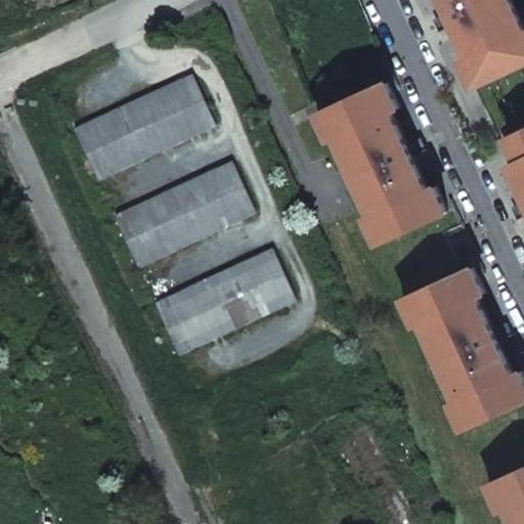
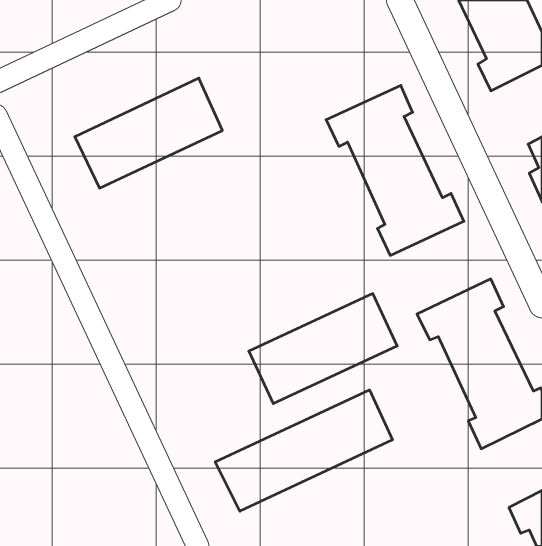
building: [112,162,254,267] -> none
building: [152,249,295,354] -> [249,294,397,404]
building: none -> [215,390,392,511]

